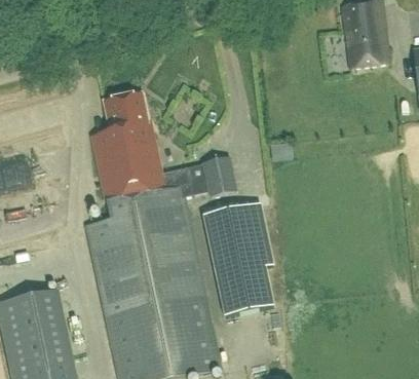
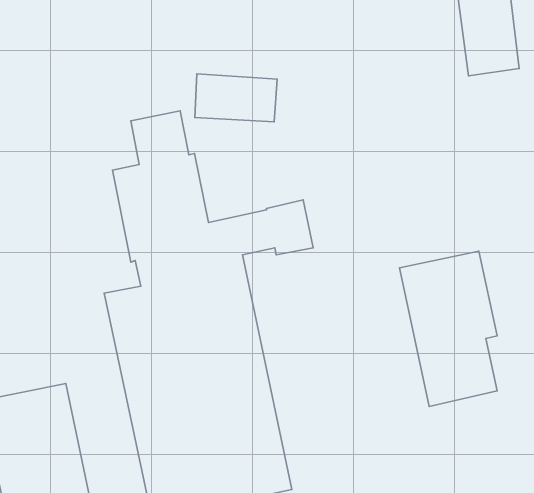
building: none -> [195,74,277,122]
building: [202,202,273,315] -> [400,251,497,406]

